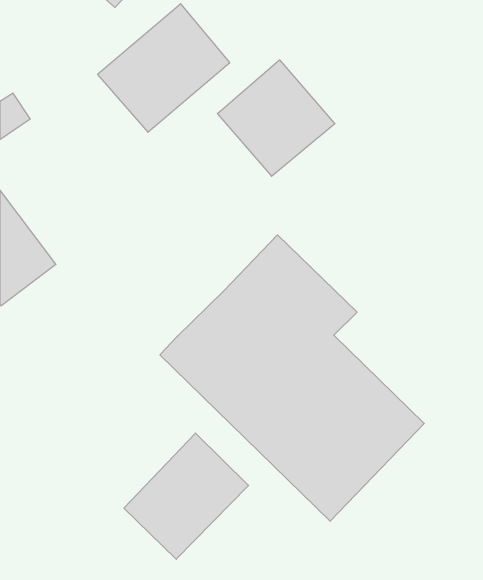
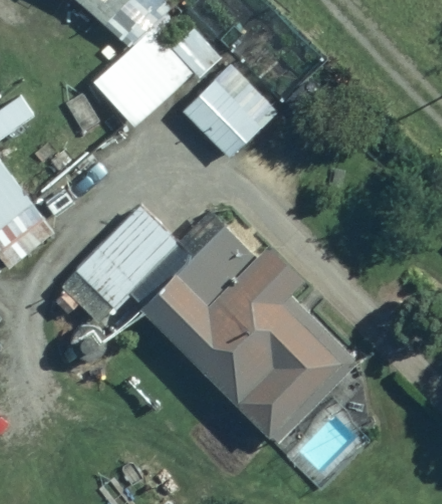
building: none -> [72,204,189,310]
building: [124,433,249,559] -> none

